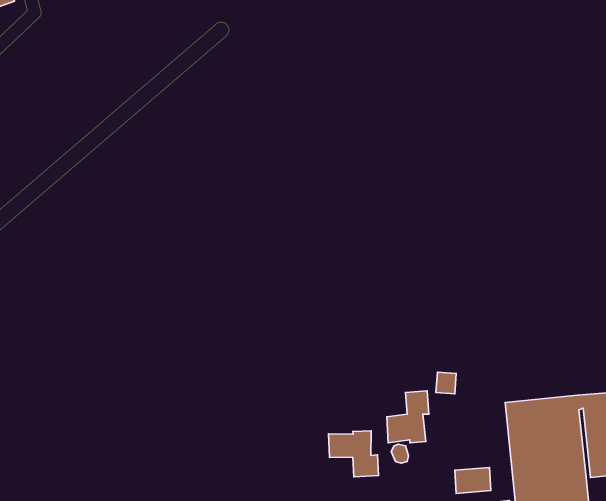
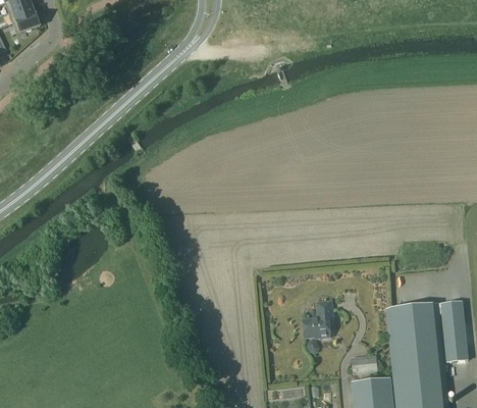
building: [328,431,378,477] -> none

